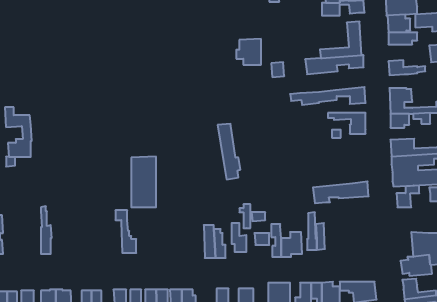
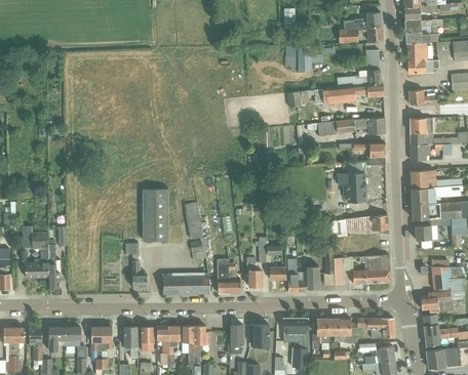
building: [236,39,261,65] -> [284,45,310,72]
building: [5,107,32,157] -> [22,226,49,278]
building: [218,124,240,179] -> [184,203,207,260]
building: none -> [338,173,365,202]
building: none -> [352,255,389,284]
building: none -> [162,275,207,294]

